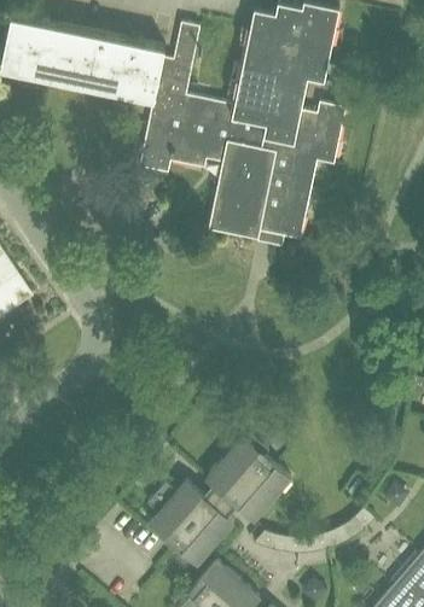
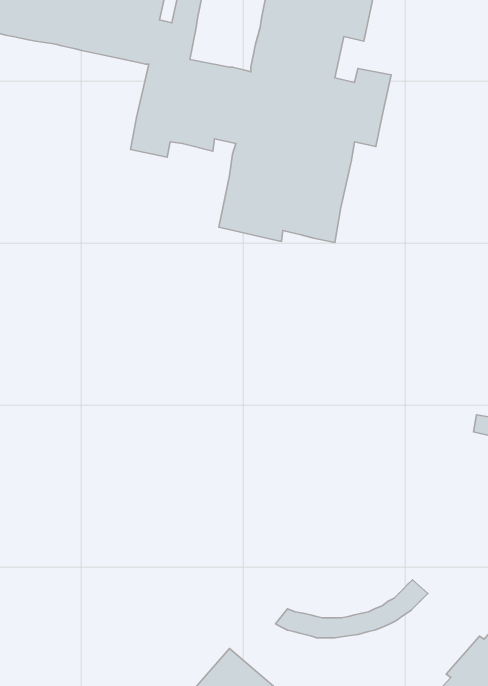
building: [205,430,290,524] -> none
building: [146,483,233,567] -> none

